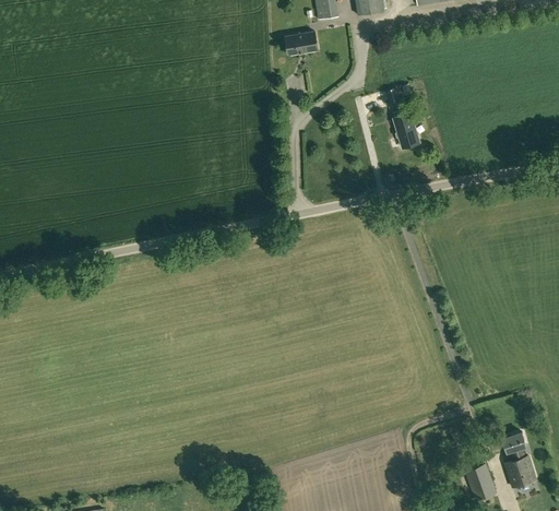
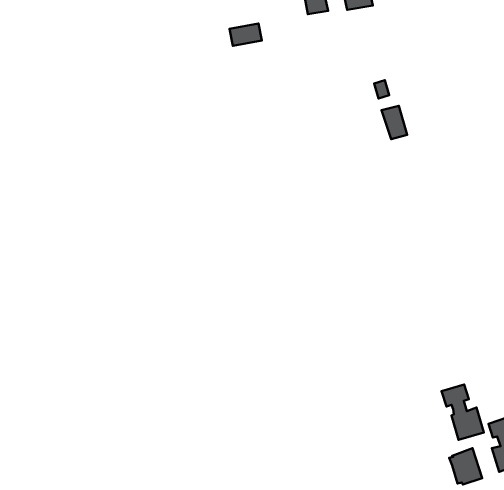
building: [285,32,318,55] -> [230,23,262,46]
building: none -> [441,384,484,440]

